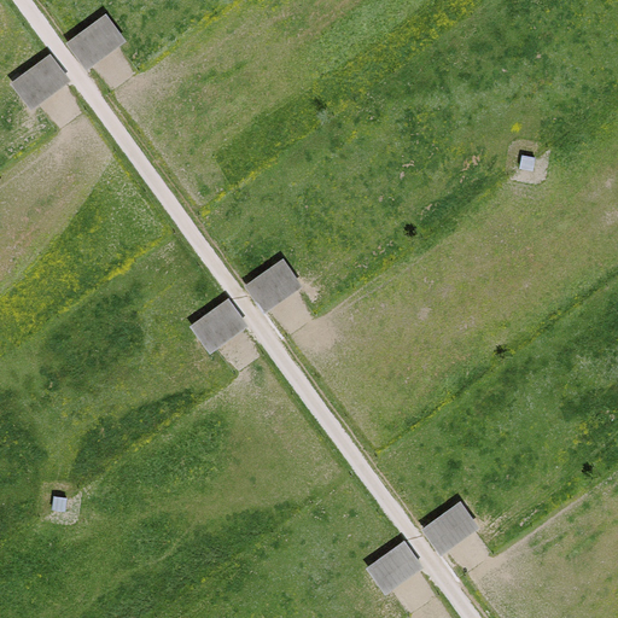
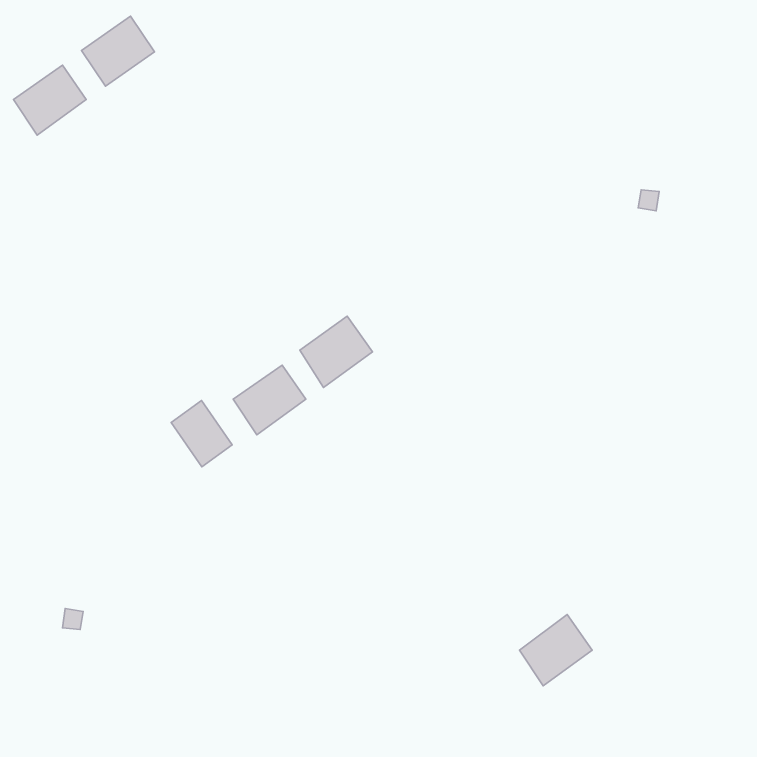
building: none -> [171,400,232,467]
building: [365,540,424,596] -> none

